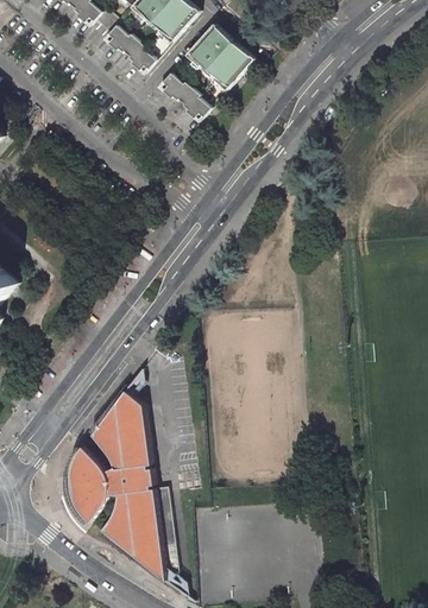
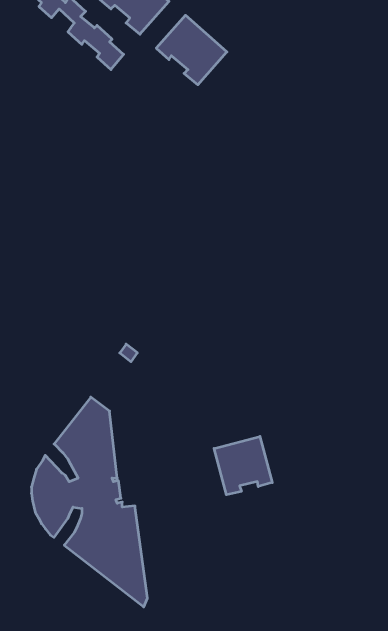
building: [156,74,208,122] -> none
building: none -> [214,436,272,495]

